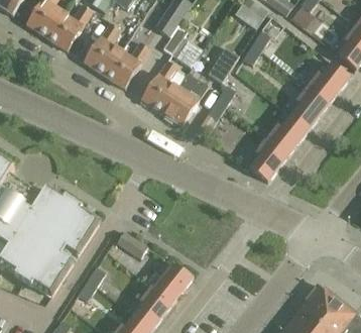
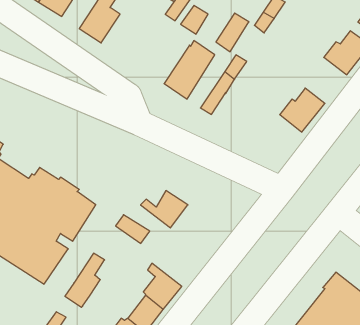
building: [103,40,150,87] -> none
building: [140,58,184,111] -> none
building: [289,87,328,129] -> none
building: [249,139,286,181] -> none
building: [149,262,193,297] -> [141,191,188,228]

